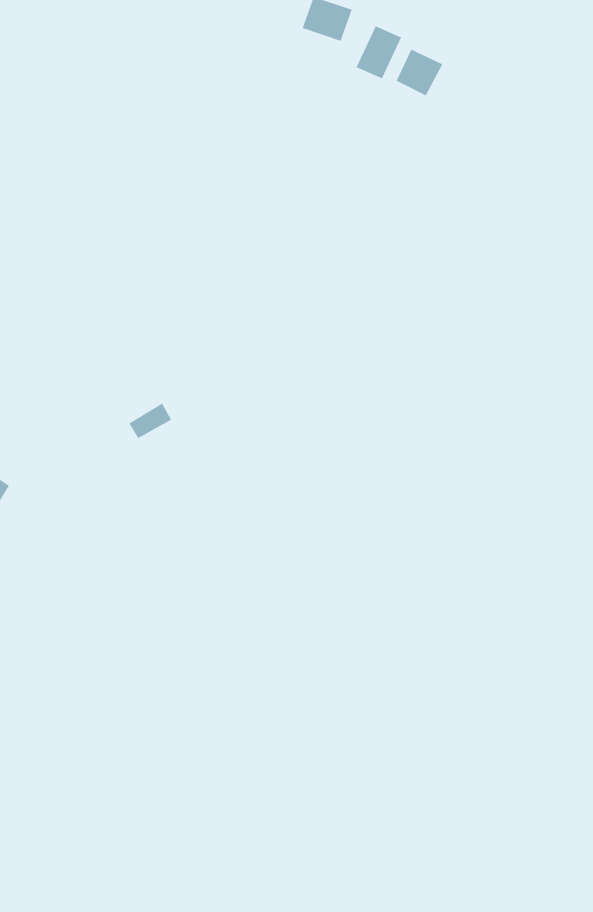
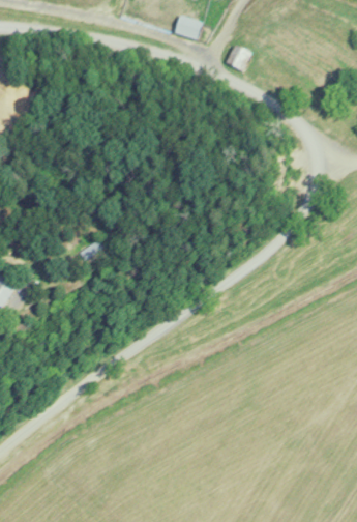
building: [356,26,402,79] -> none

